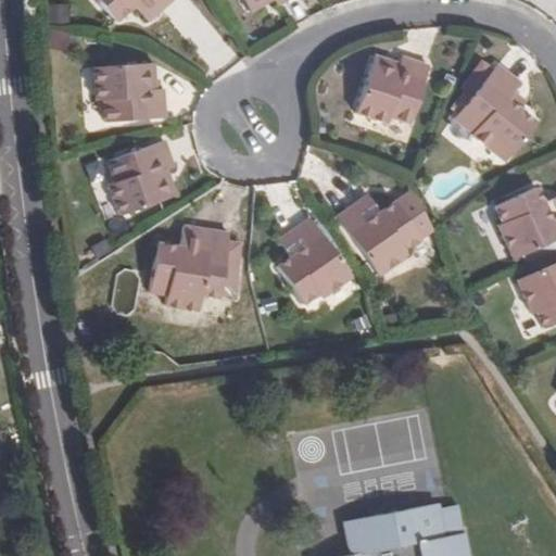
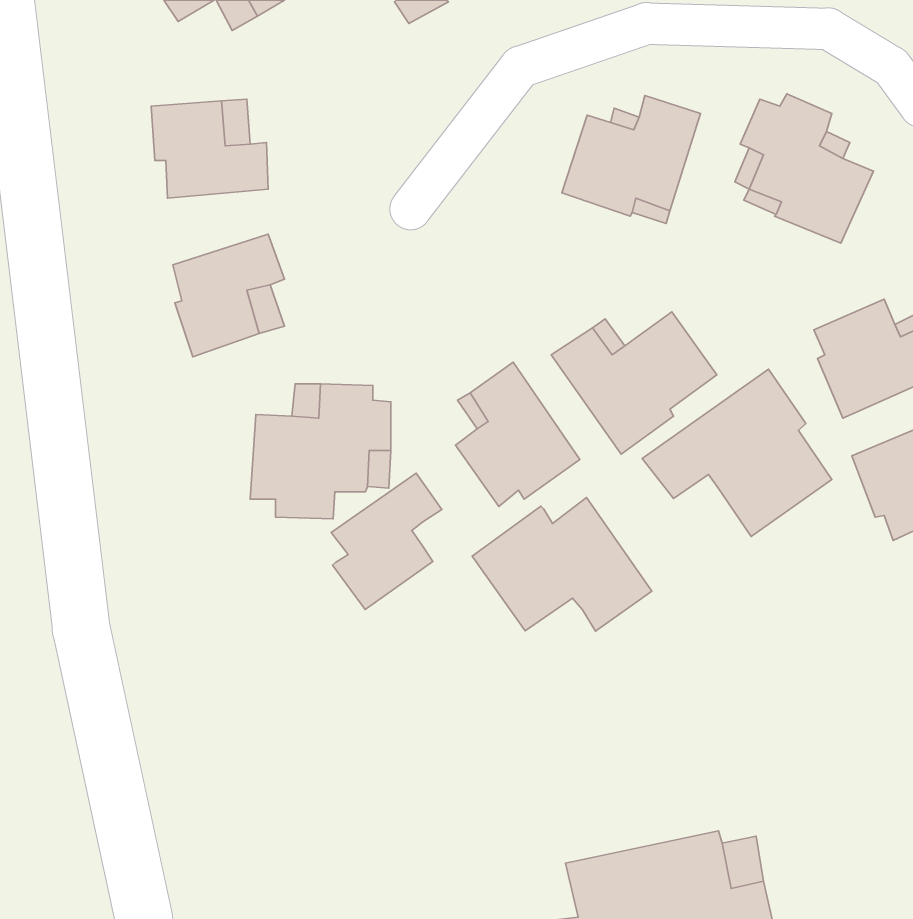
building: none -> [642,369,832,537]
building: none -> [331,473,442,609]
building: none -> [472,497,652,631]

